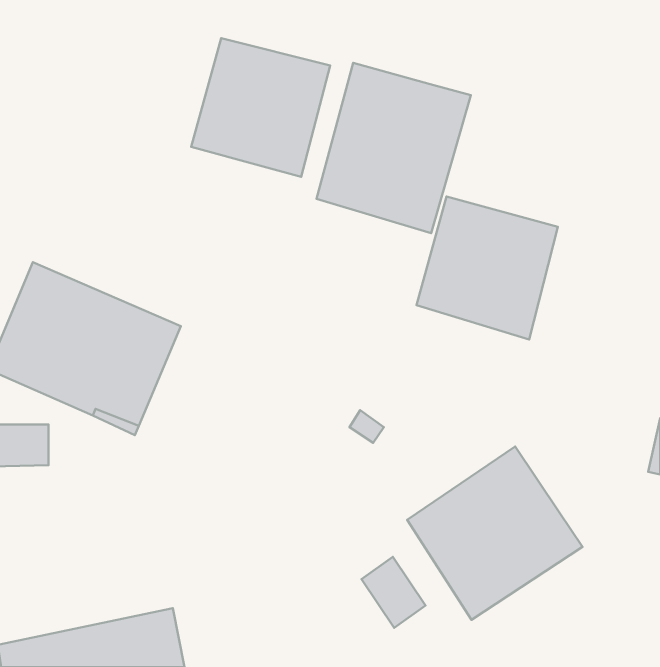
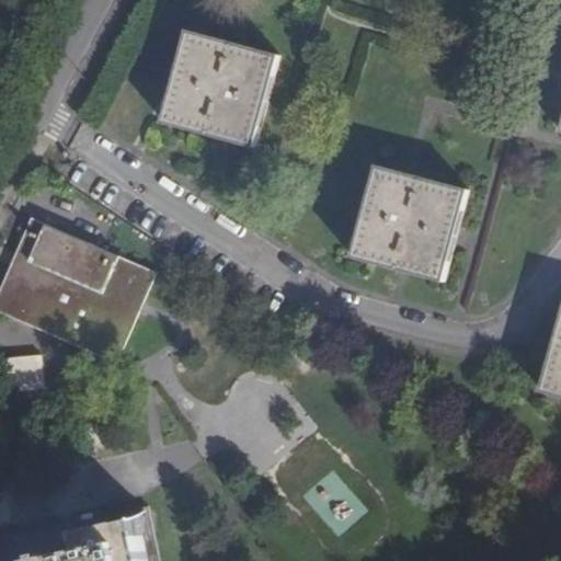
building: [316,63,471,233] -> none
building: [407,447,583,620] -> none

